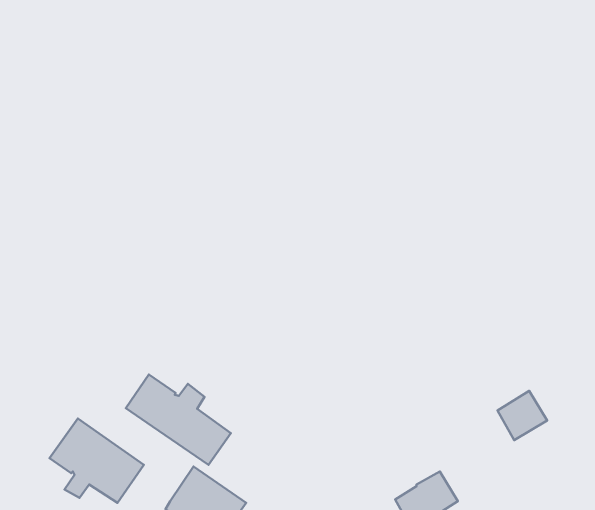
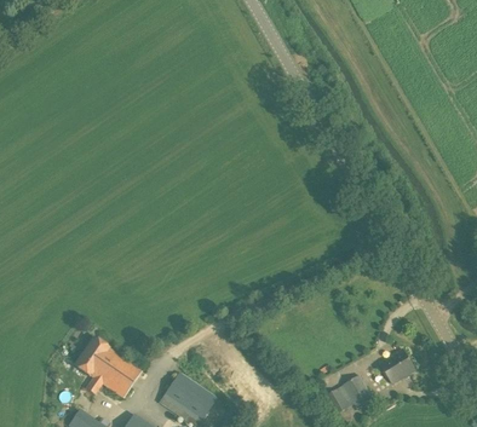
building: [126,374,231,465] -> none
building: [498,391,547,440] -> [380,348,416,385]

